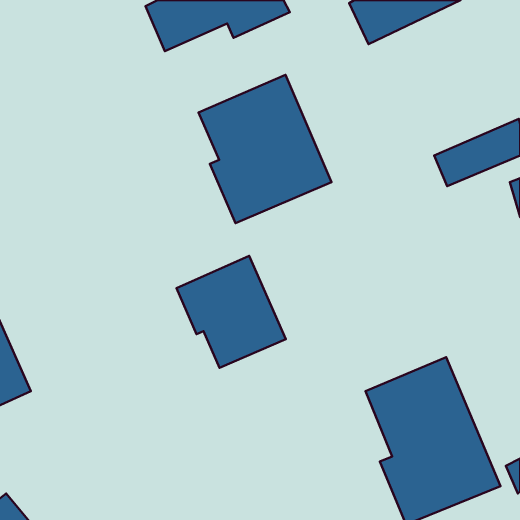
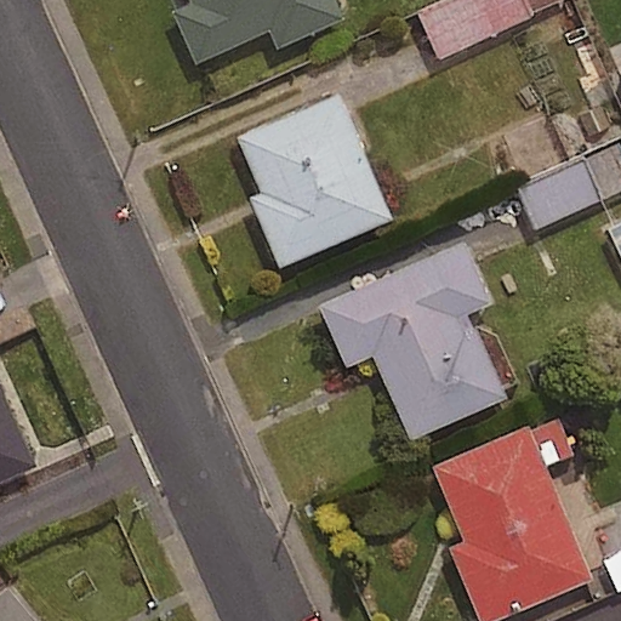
building: none -> [320,243,508,440]
building: [176,256,286,368] -> none

